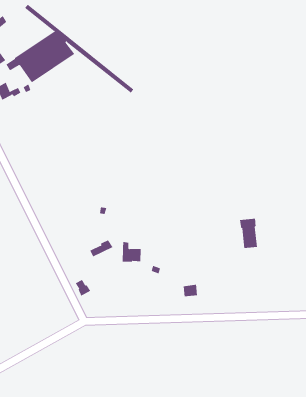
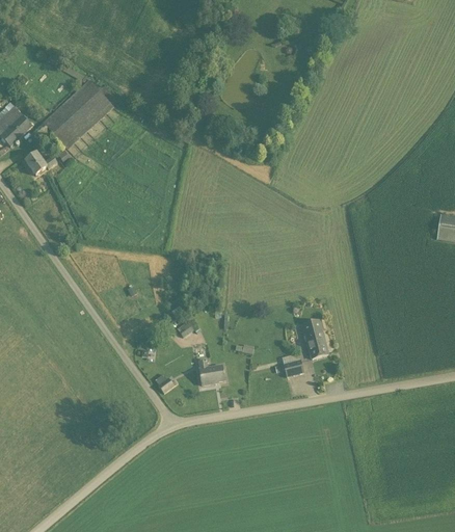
building: [239,218,258,249] -> [301,318,328,356]
building: [122,241,141,262] -> [198,358,224,383]

